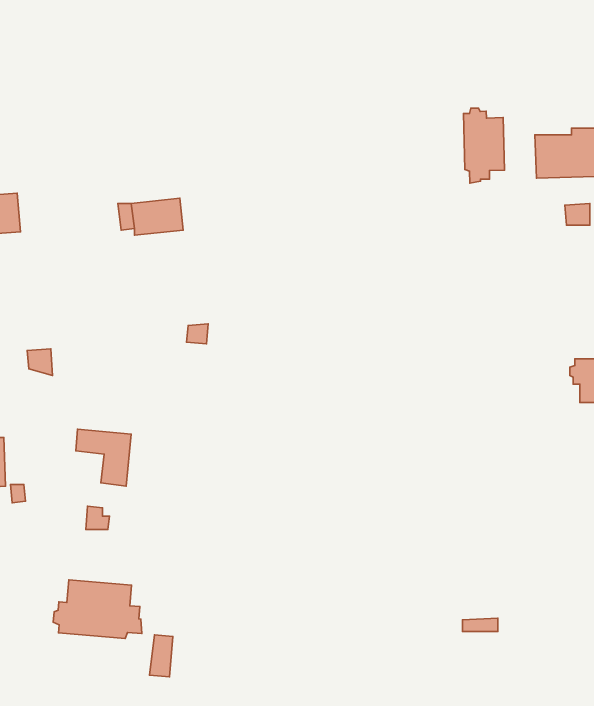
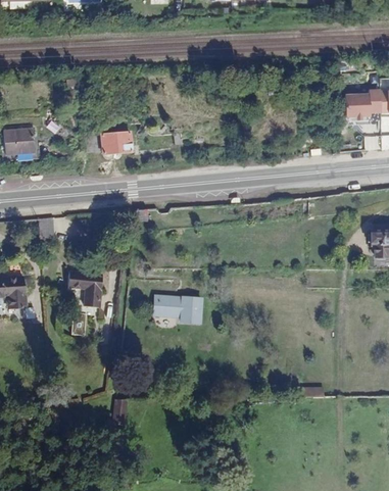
building: [463,108,505,183] -> none
building: none -> [155,294,202,322]
building: [53,580,142,639] -> none

